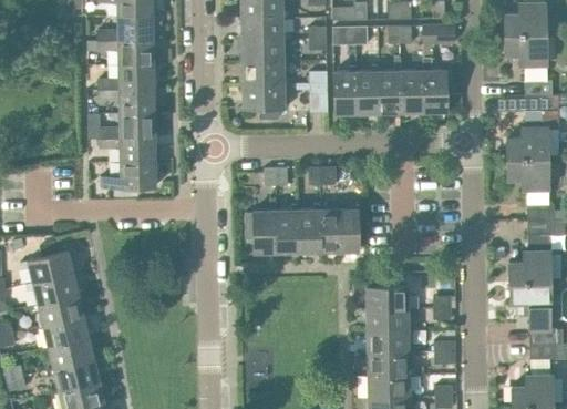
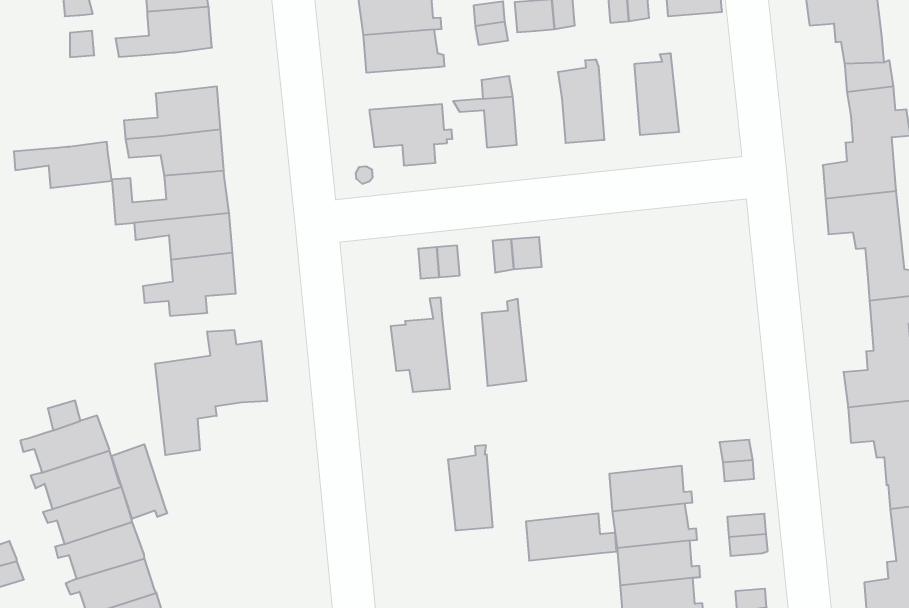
building: [97,40,154,64] -> [14,142,112,188]
building: [380,58,401,113] -> none
building: [423,58,447,112] -> none
building: [243,62,290,84] -> none
building: [333,65,357,113] -> none
building: [321,203,359,252] -> none
building: [276,204,299,253] -> [448,445,493,530]
building: none -> [155,330,267,455]
building: none -> [112,444,167,519]
building: [367,286,419,310] -> [526,514,617,561]

